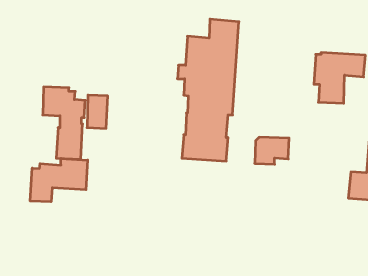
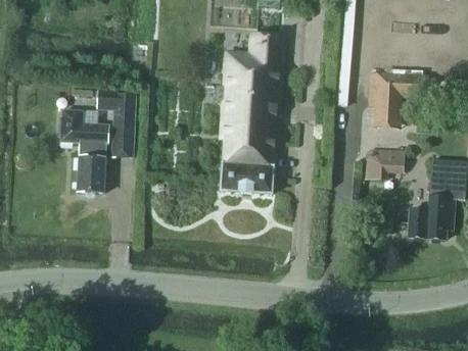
building: none -> [97,90,136,120]
building: [255,137,289,164] -> [365,149,404,180]
building: [30,158,88,202] -> none

